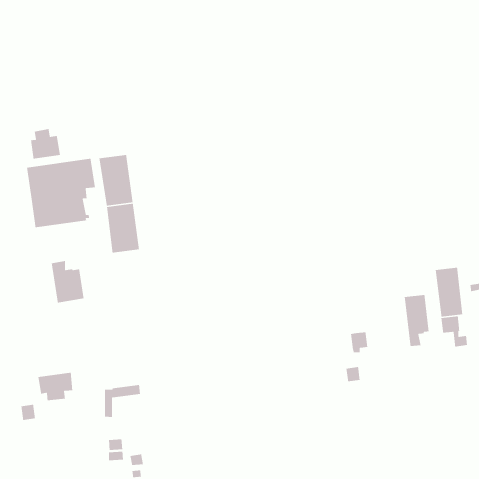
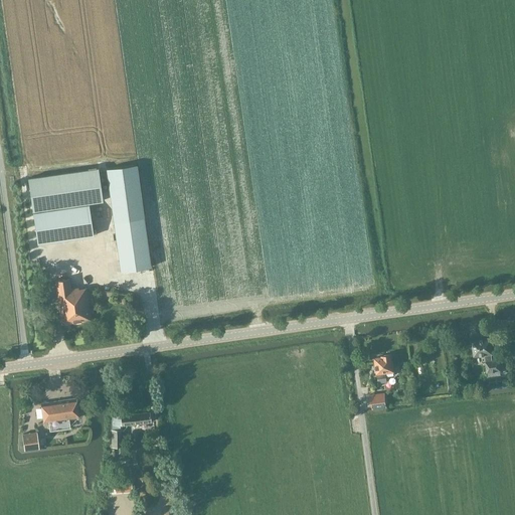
building: [30,128,61,159] -> none
building: [435,267,463,317] -> none
building: [404,294,430,347] -> none

